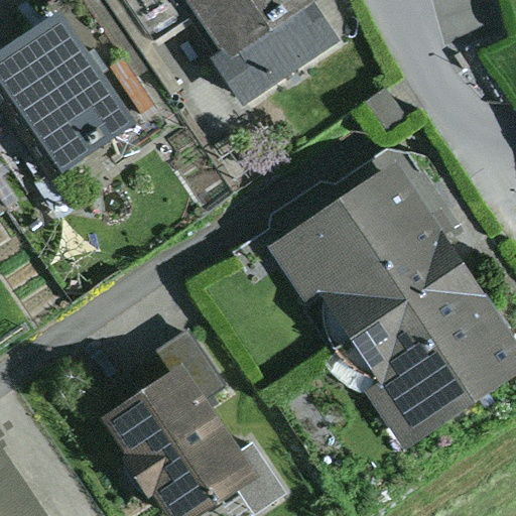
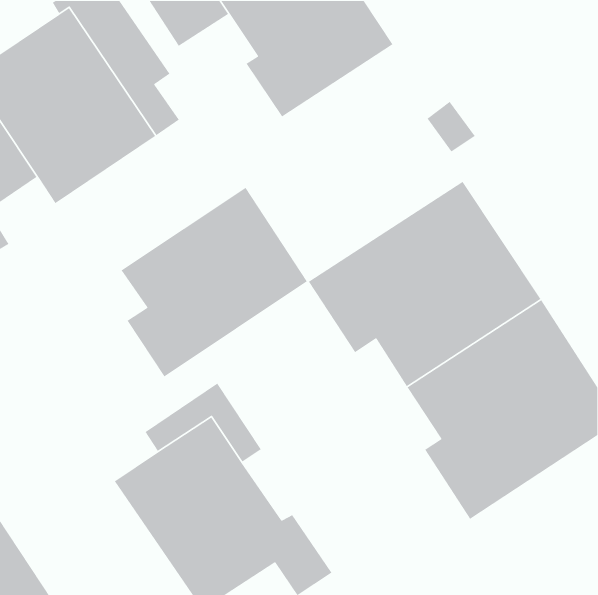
building: none -> [121,187,308,377]

